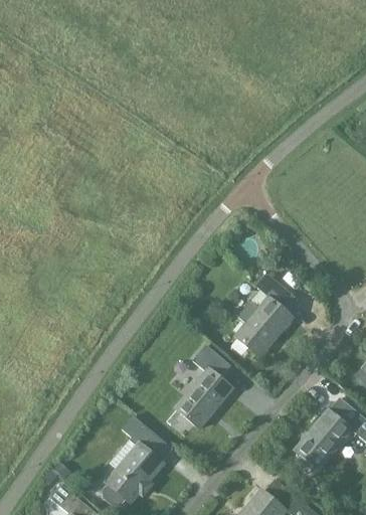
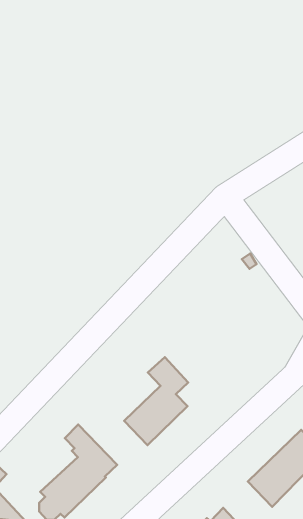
building: [234,272,297,358] -> none

